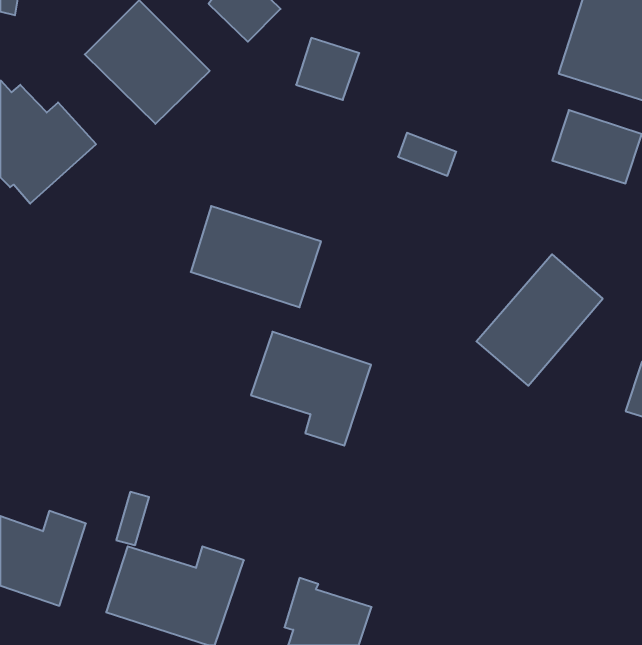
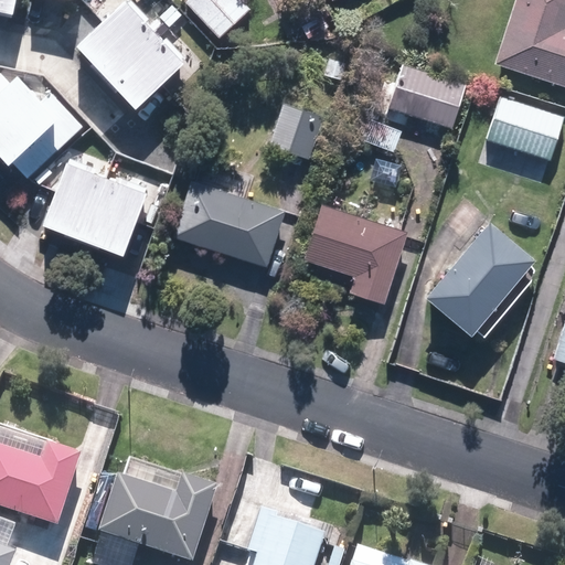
building: [296,38,359,100] -> [268,104,323,158]
building: none -> [387,64,466,129]
building: none -> [45,162,150,255]
building: [251,332,371,446] -> [300,204,405,303]

